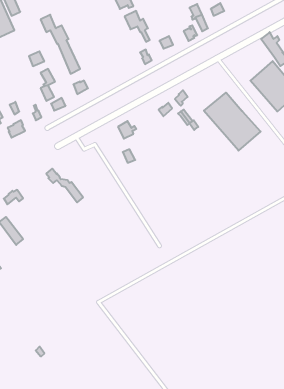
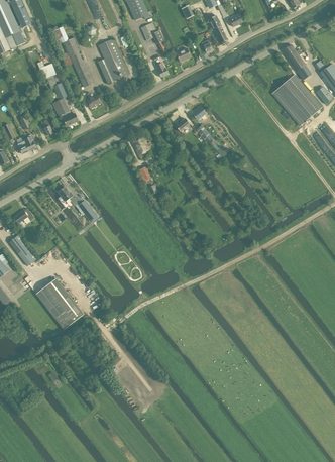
building: none -> [97,38,128,82]
building: [204,93,261,151] -> none
building: none -> [34,277,82,327]

